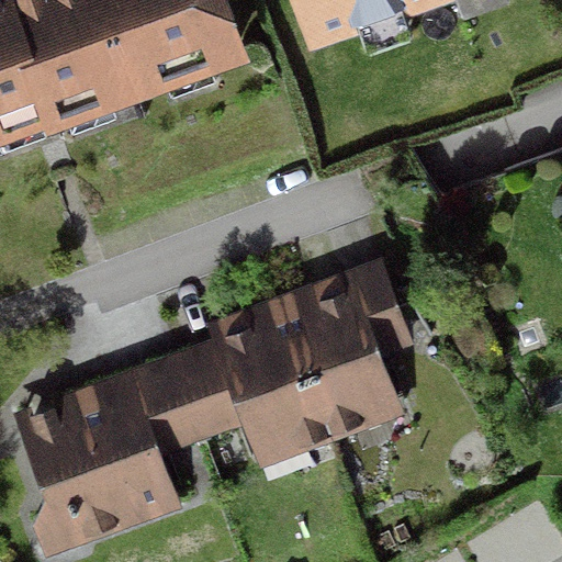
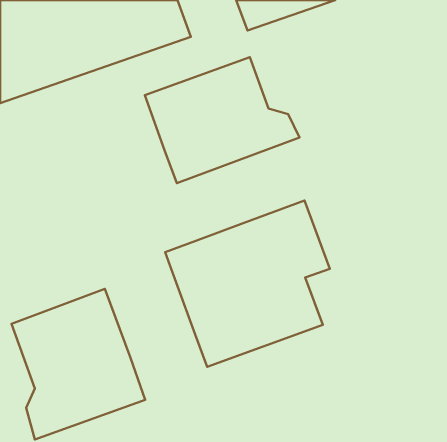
building: none -> [145,57,300,183]
building: [132,339,245,456] -> none

